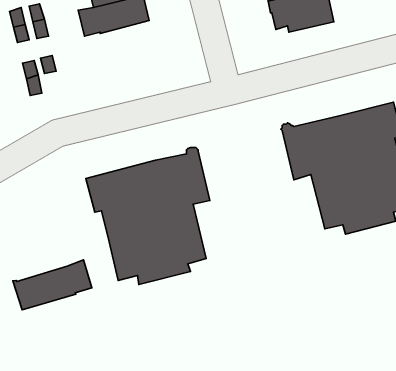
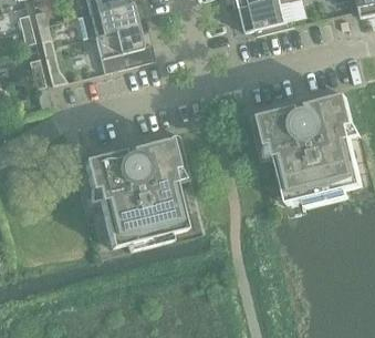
building: none -> [95,24,155,72]
building: [13,260,92,310] -> none

